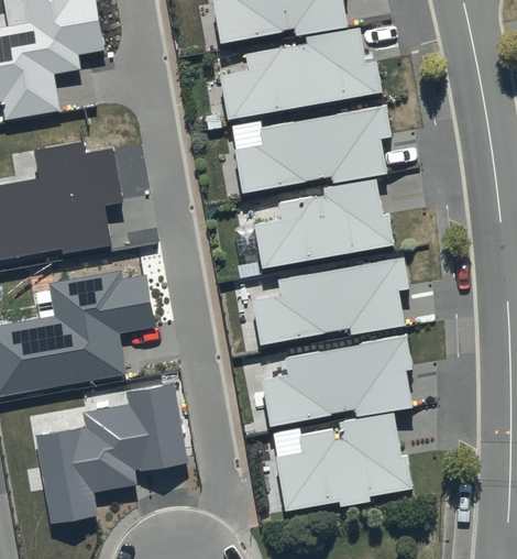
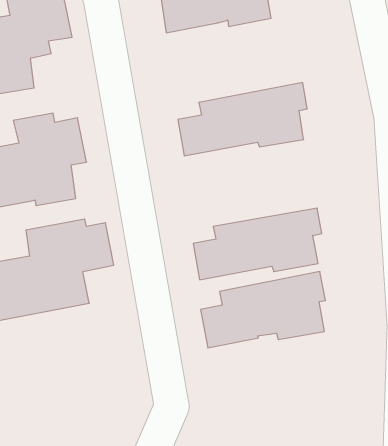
building: [219,26,381,120] -> none
building: [253,178,393,268] -> none
building: [34,383,187,524] -> none
building: [275,413,411,512] -> none

